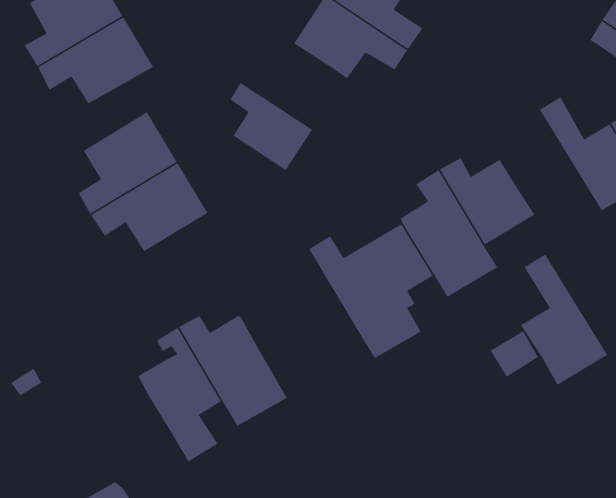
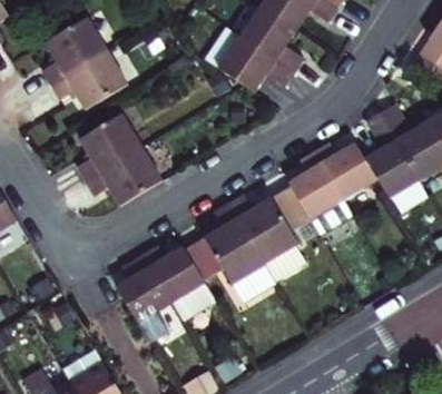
building: [229,82,313,171] -> none
building: none -> [185,203,275,299]
building: [520,253,608,386] -> [363,111,421,198]

